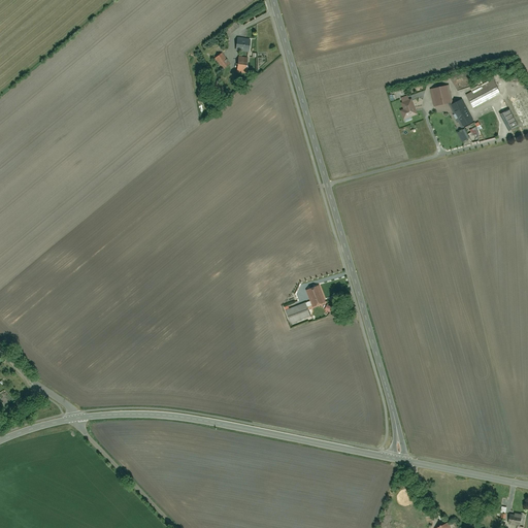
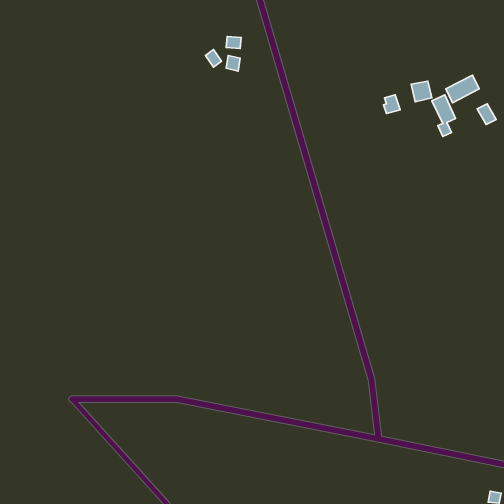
building: [287,285,326,324] -> none

